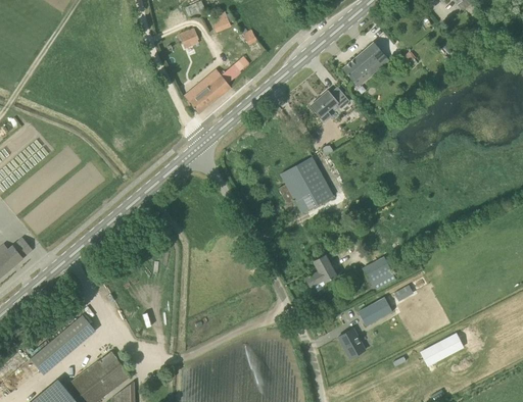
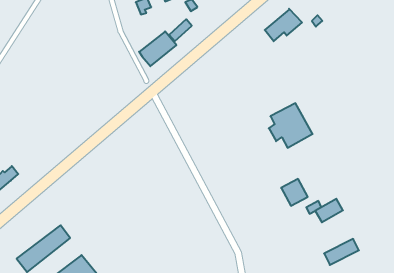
building: [310,87,349,117] -> none
building: [278,157,333,213] -> [269,103,313,148]
building: [305,255,337,288] -> none
building: [358,297,392,326] -> [315,199,343,222]
building: [337,329,365,358] -> none

